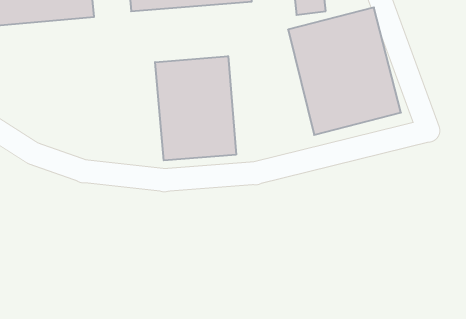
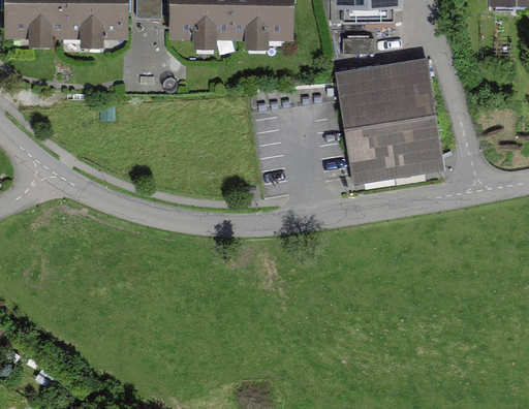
building: [155,56,236,160] -> none

